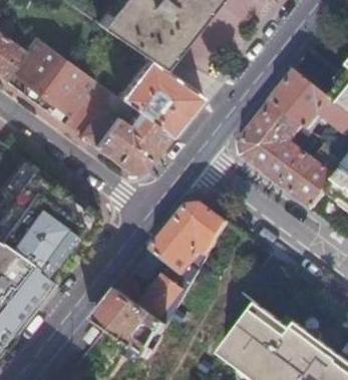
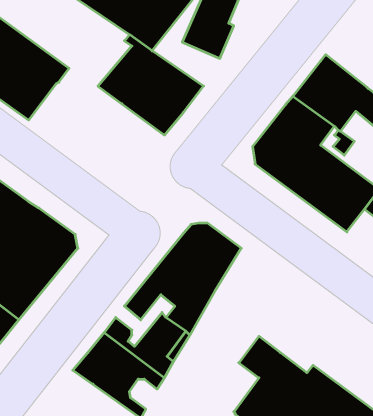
building: [59,79,167,169] -> none

